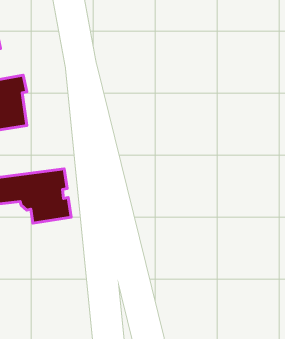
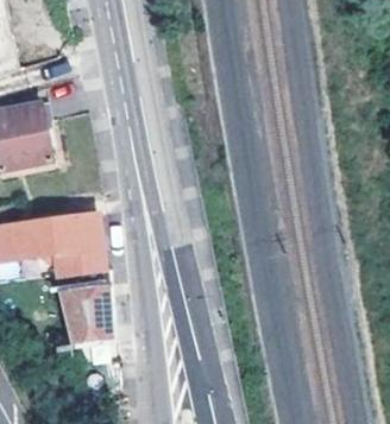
building: none -> [58,270,113,340]

